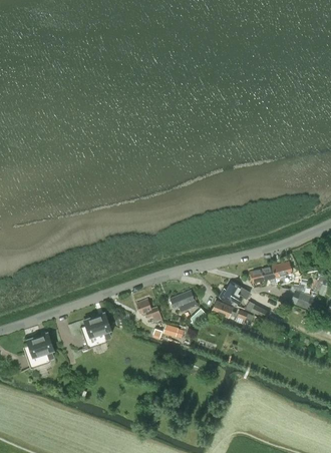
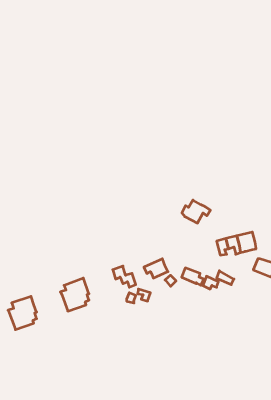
building: [219,281,250,306] -> [182,200,210,223]

